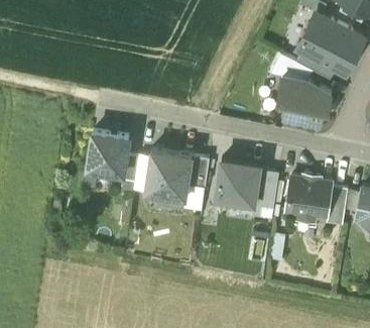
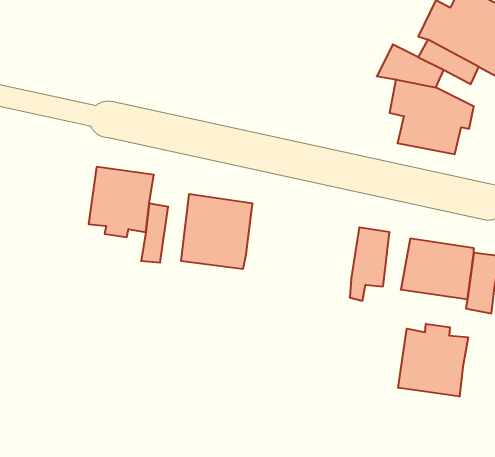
building: [188,155,210,190] -> none
building: [217,161,259,203] -> none
building: none -> [398,324,468,397]

